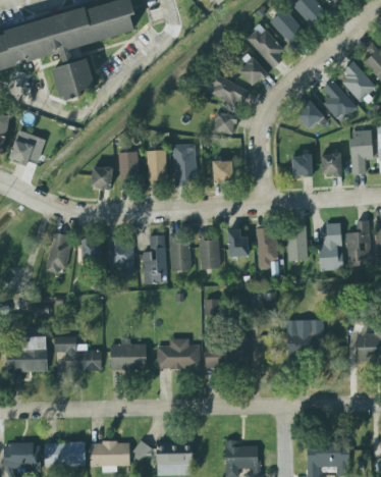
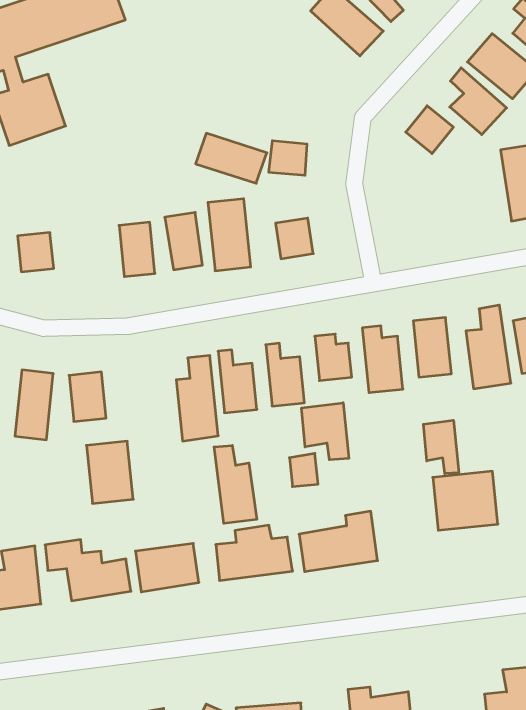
building: [238,57,267,85] -> none
building: [205,73,248,106] -> [196,133,267,183]
building: [321,153,340,174] -> none
building: [291,155,311,176] -> none
building: [92,167,111,189] -> [18,233,54,272]
building: [109,238,133,273] -> [86,441,133,503]
building: none -> [302,403,349,460]
building: none -> [423,420,459,474]
building: none -> [214,445,257,523]

